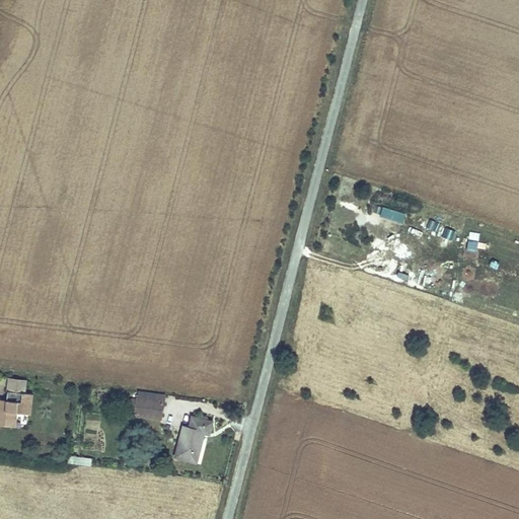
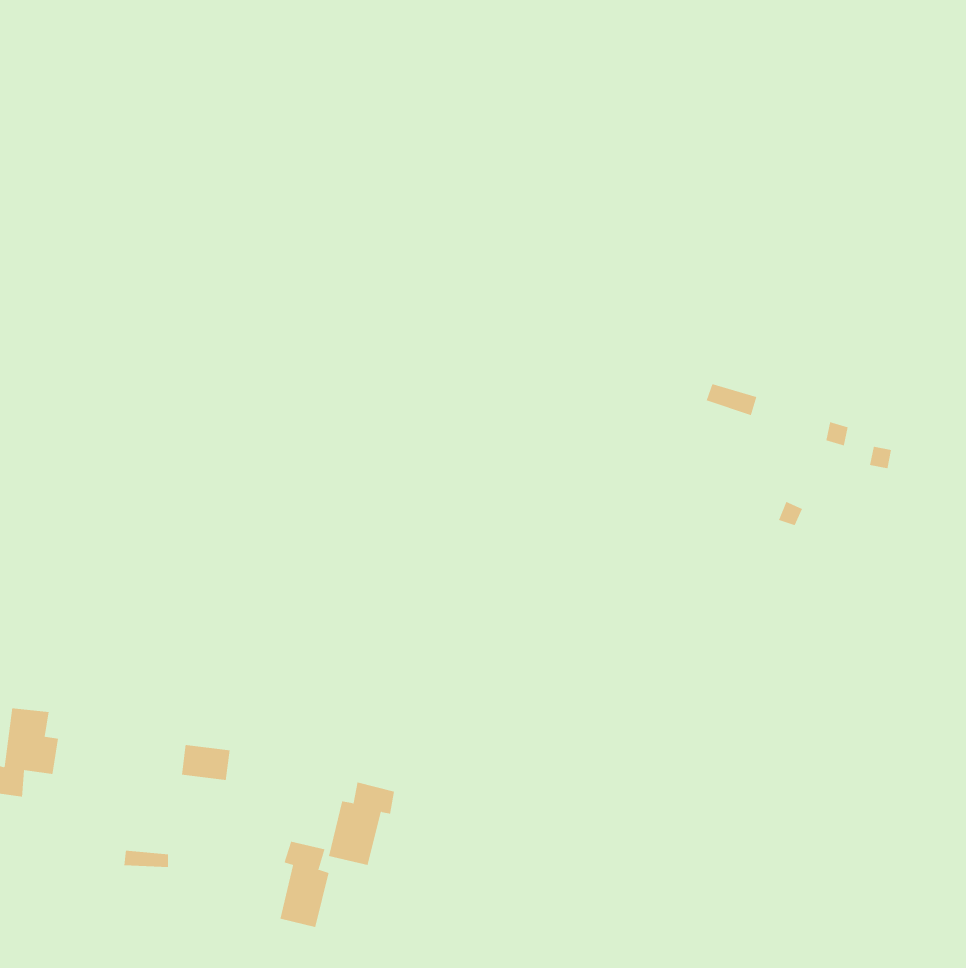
building: [135,398,161,418] -> [181,744,230,780]
building: none -> [280,841,329,928]

